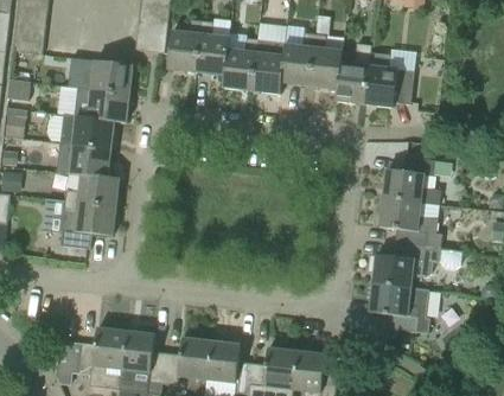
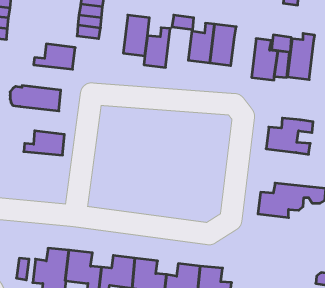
building: [167,20,202,71] -> none
building: [251,39,286,92] -> none
building: [336,43,371,103] -> [288,33,315,80]
building: [74,87,129,121] -> none
building: [57,141,111,177] -> none
building: [379,197,441,247] -> none
building: [60,200,116,248] -> none
building: [370,282,429,332] -> none

